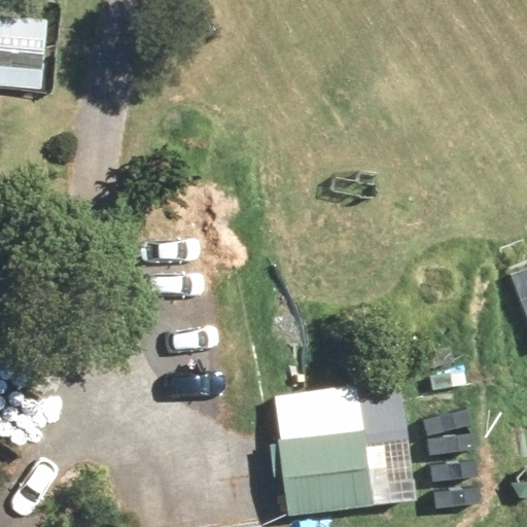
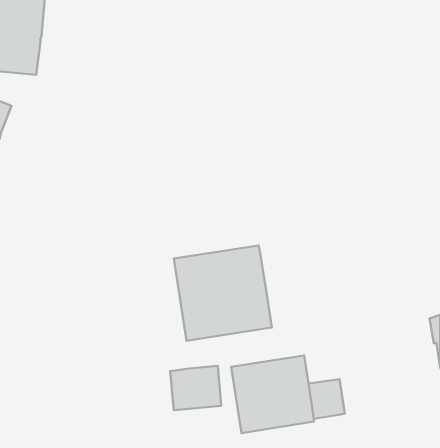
building: none -> [174,246,272,341]

